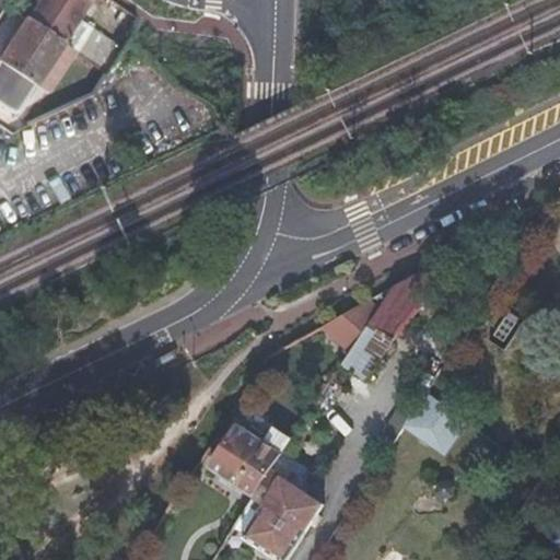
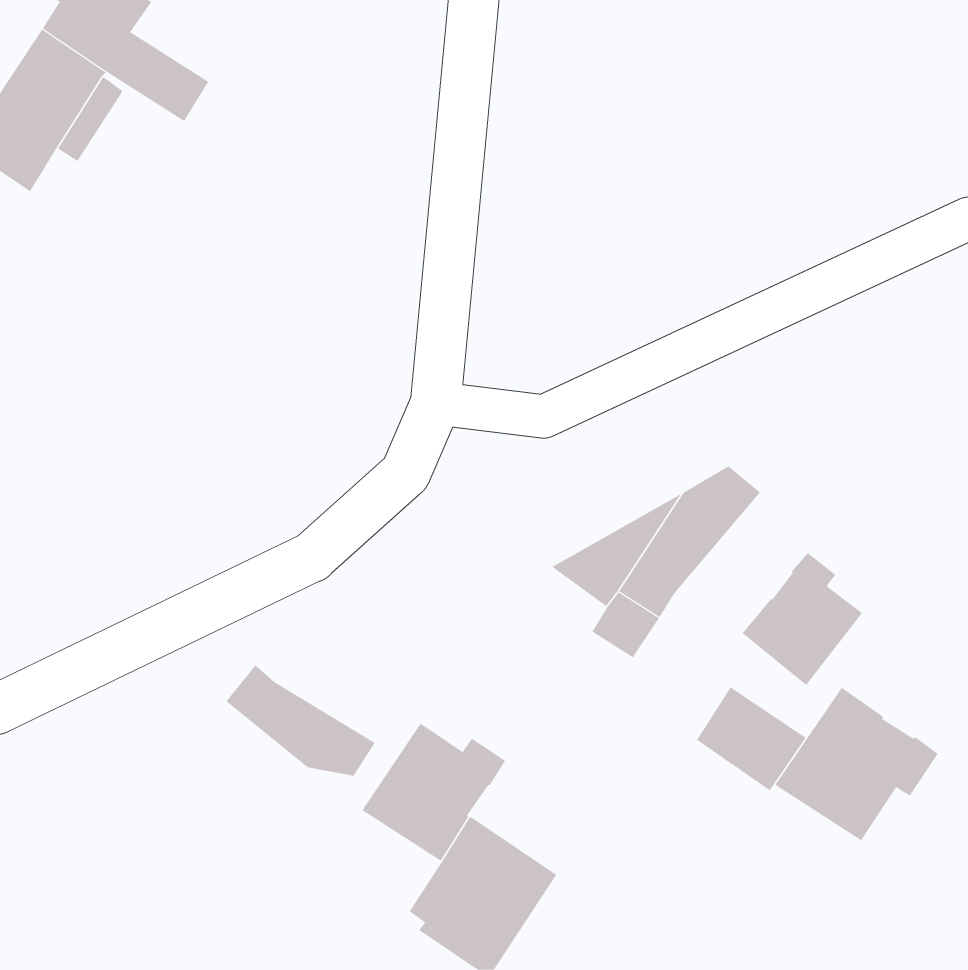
building: none -> [742,552,863,686]
building: none -> [226,665,375,776]
building: none -> [774,687,938,841]

